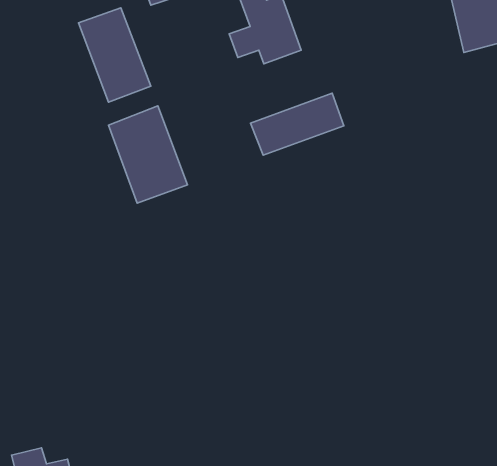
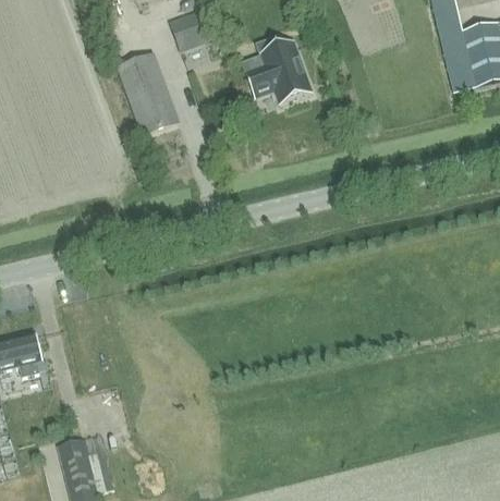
building: [251,93,344,155] -> none
building: [109,106,187,203] -> none

